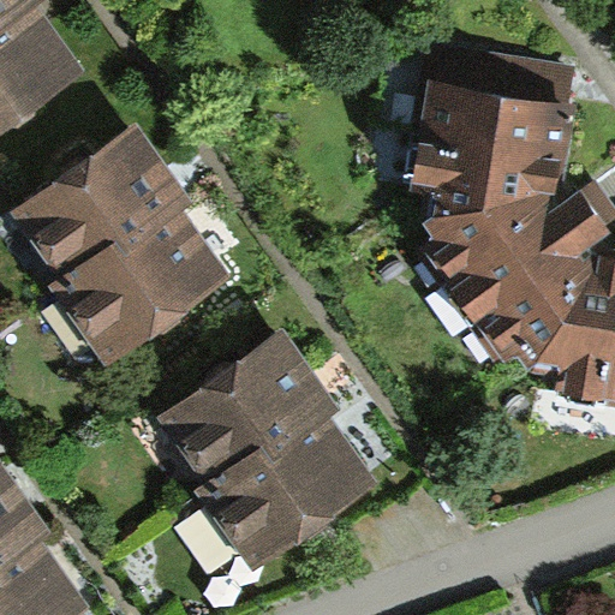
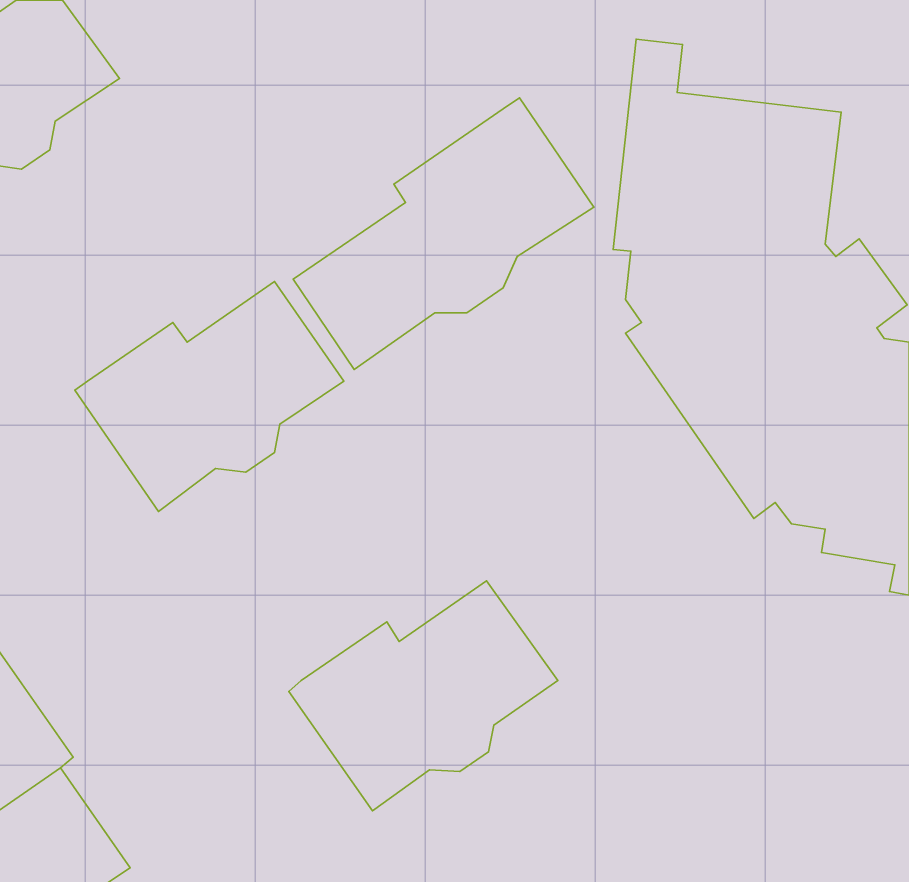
building: none -> [293,98,594,369]
building: [13,123,193,276] -> none
building: [156,324,338,478] -> none

